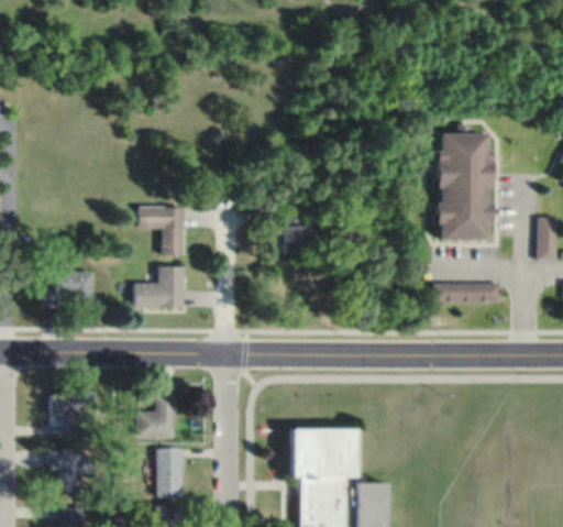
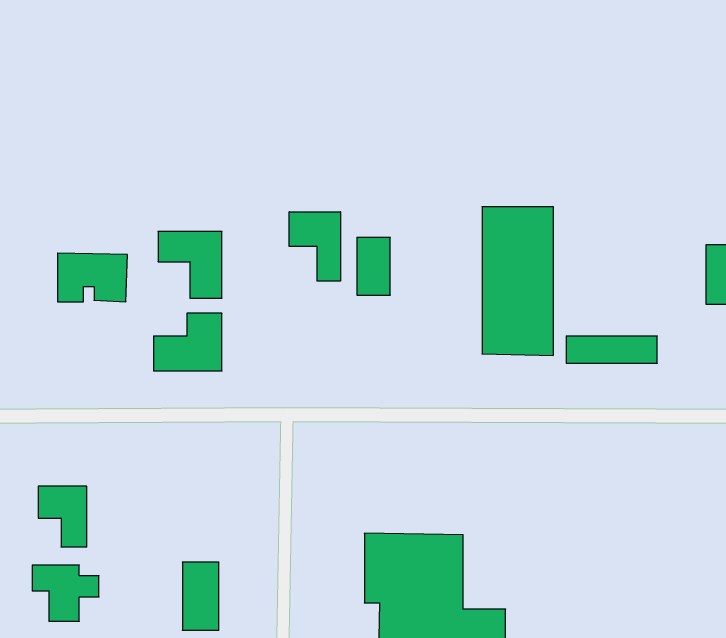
building: [440,134,492,242] -> [482,207,553,355]
building: none -> [289,212,340,281]
building: [44,272,95,307] -> [58,253,127,302]
building: [136,395,175,437] -> none

